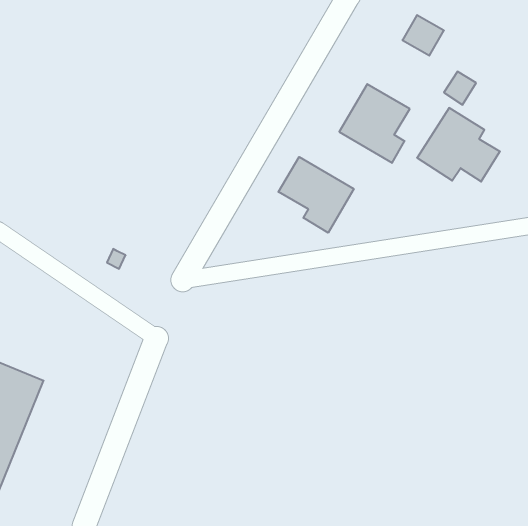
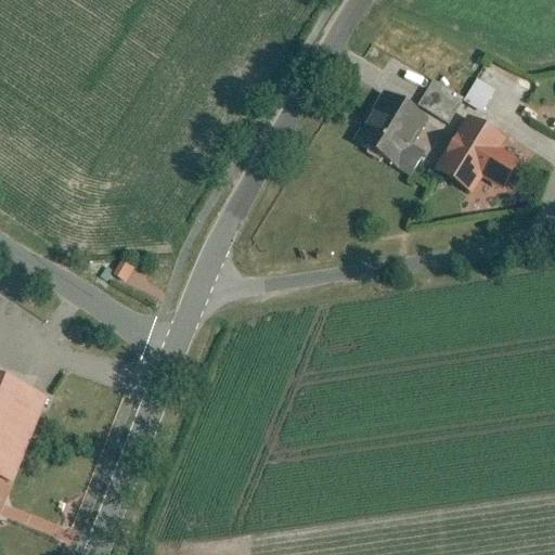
building: [402,15,444,56] -> [420,77,463,119]
building: [278,157,354,233] -> none

